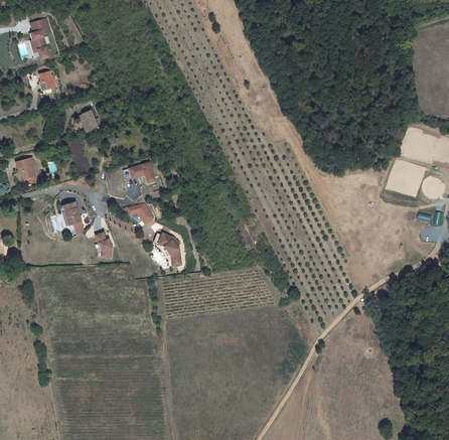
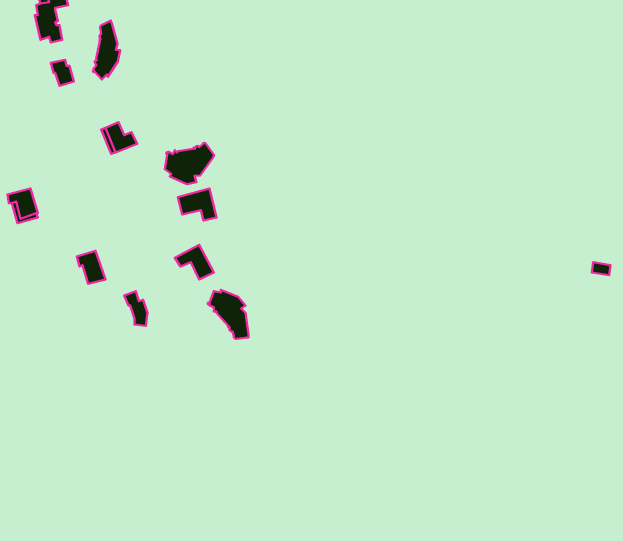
building: none -> [93,20,120,79]
building: none -> [165,143,214,184]

